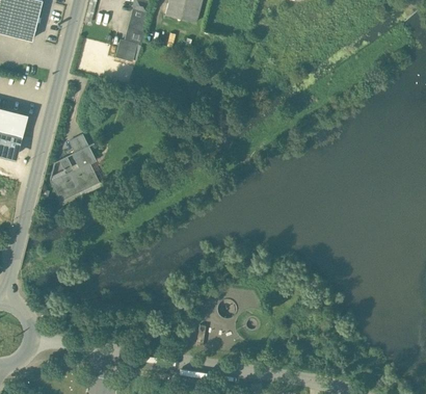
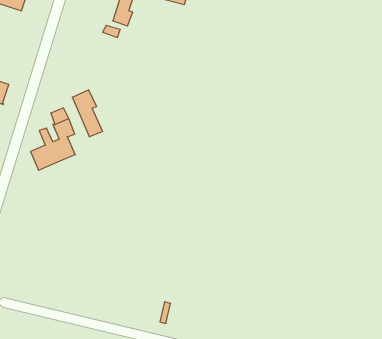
building: none -> [72,90,102,137]

